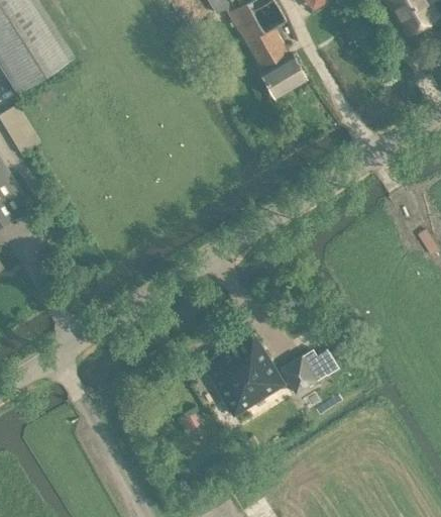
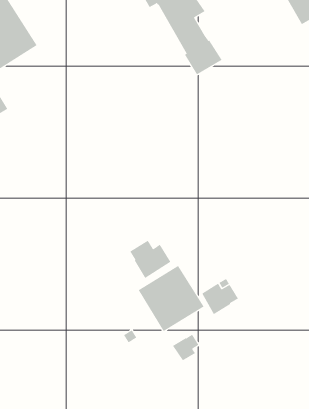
building: none -> [129,240,171,279]
building: none -> [172,334,199,361]

